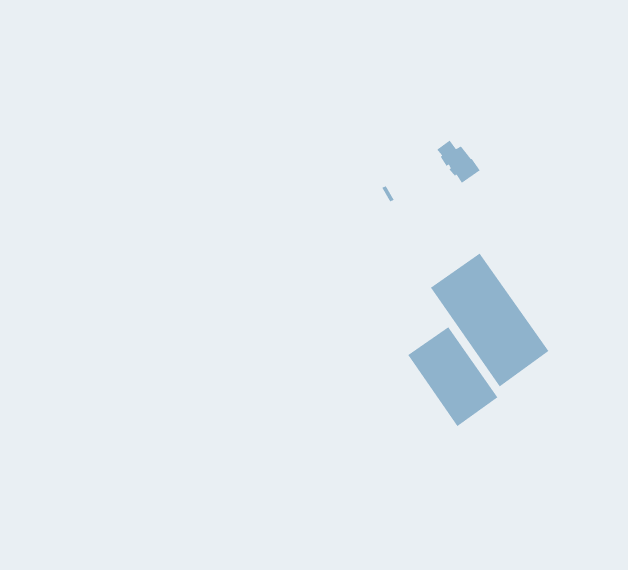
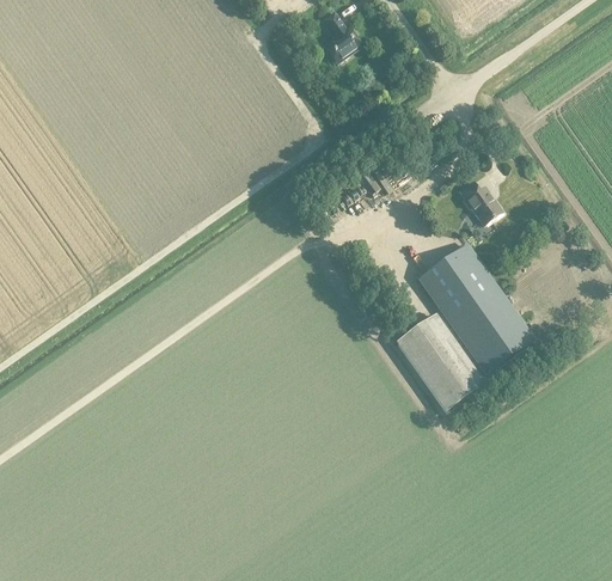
building: none -> [320,10,359,61]
building: [436,139,481,184] -> [458,179,501,222]

